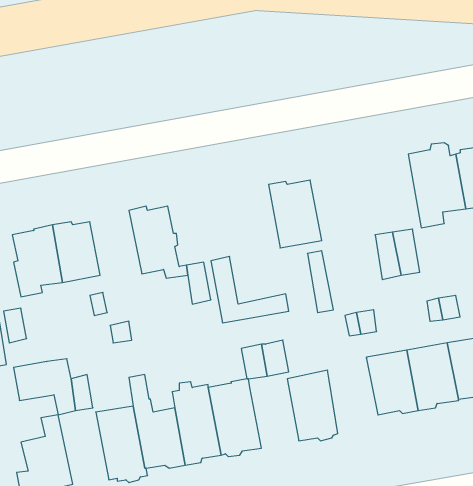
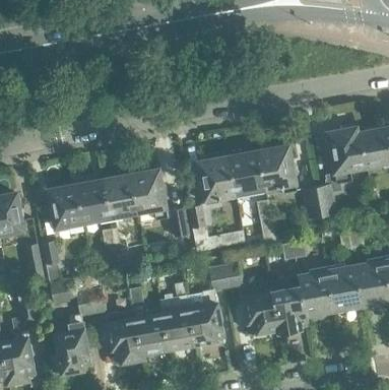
building: none -> [259,145,298,193]
building: none -> [199,153,238,204]
building: none -> [104,172,137,217]
building: none -> [272,276,308,335]

